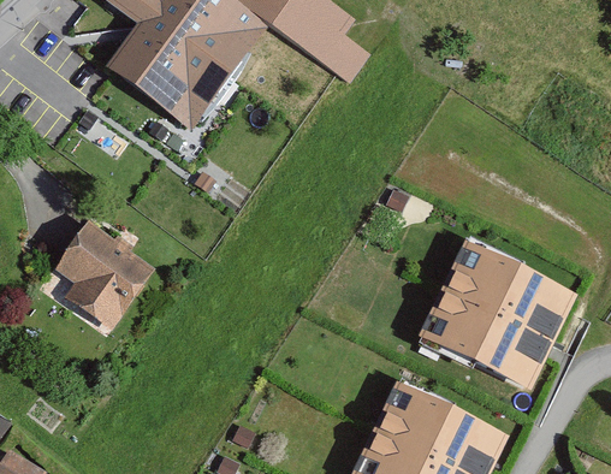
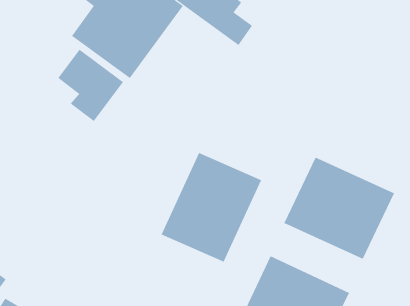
building: [61,215,158,321] -> [58,49,124,122]
building: none -> [161,152,262,263]

